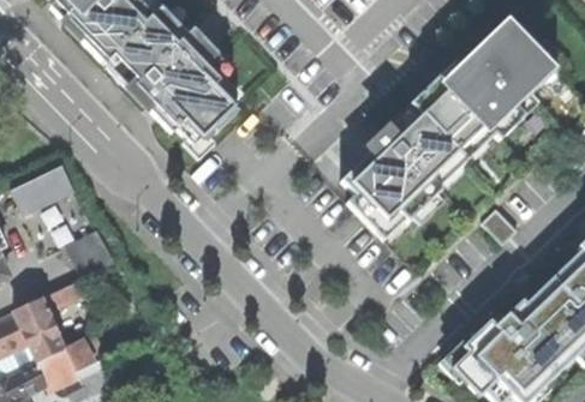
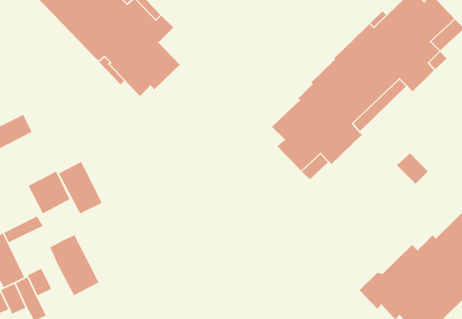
building: none -> [58,161,103,215]
building: none -> [49,234,99,296]

